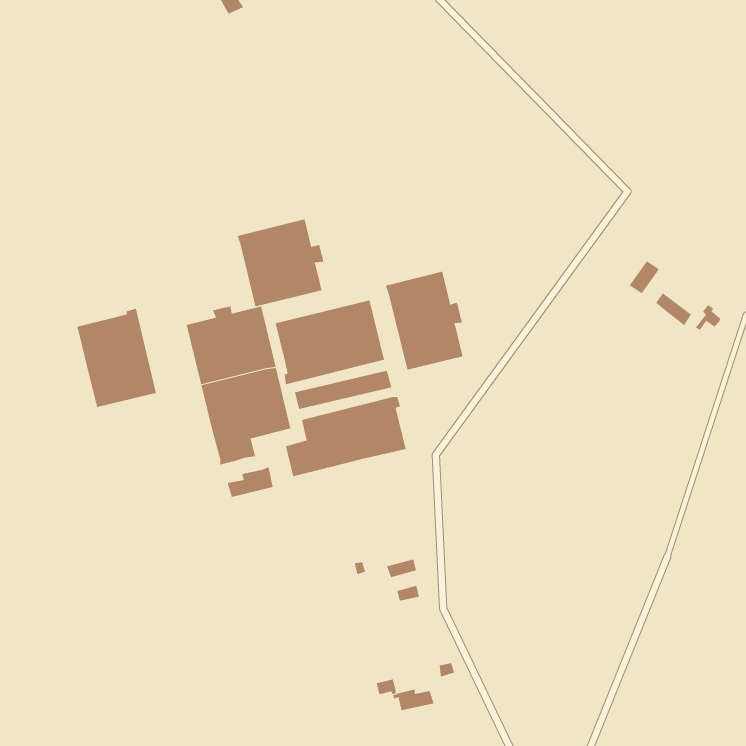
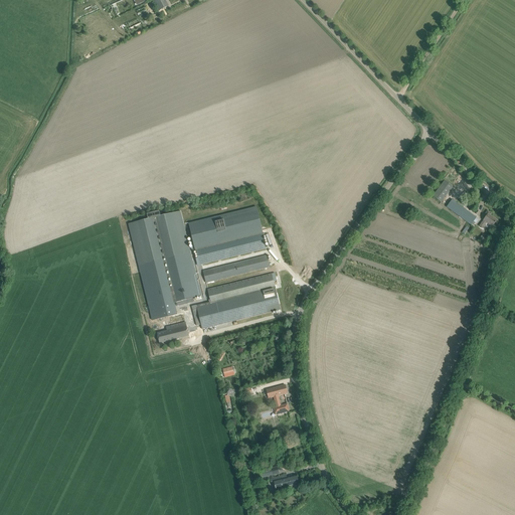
building: [237,218,324,307] -> none
building: [385,271,463,371] -> none
building: [77,308,156,408] -> none

